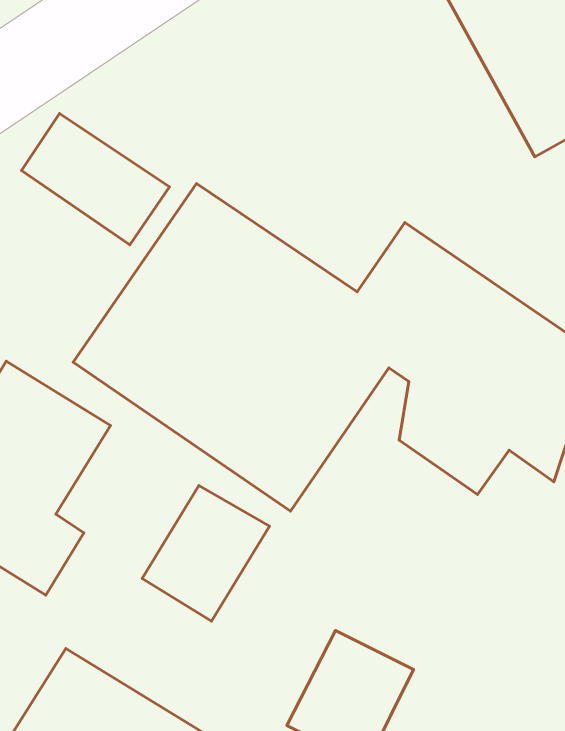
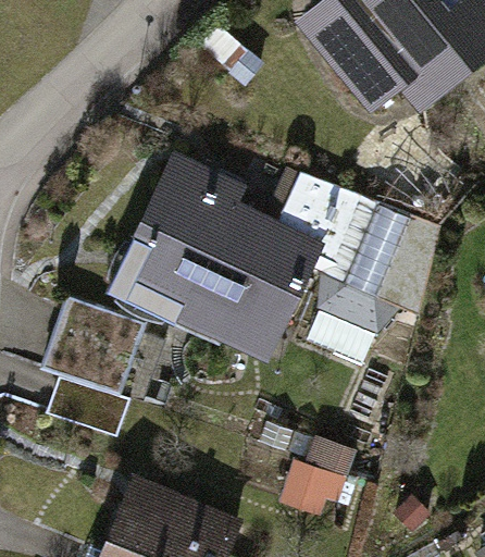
building: [21,114,169,245] -> none
building: [142,485,269,621] -> none

